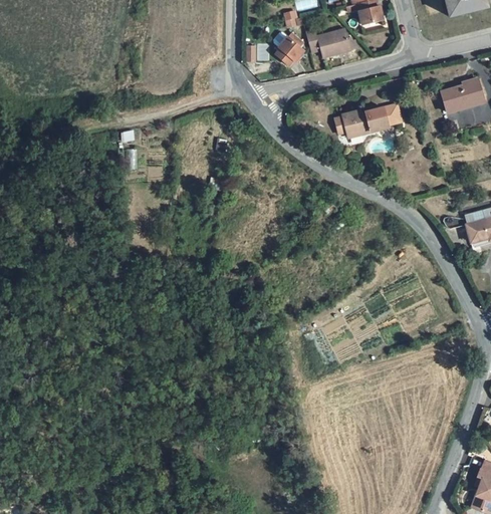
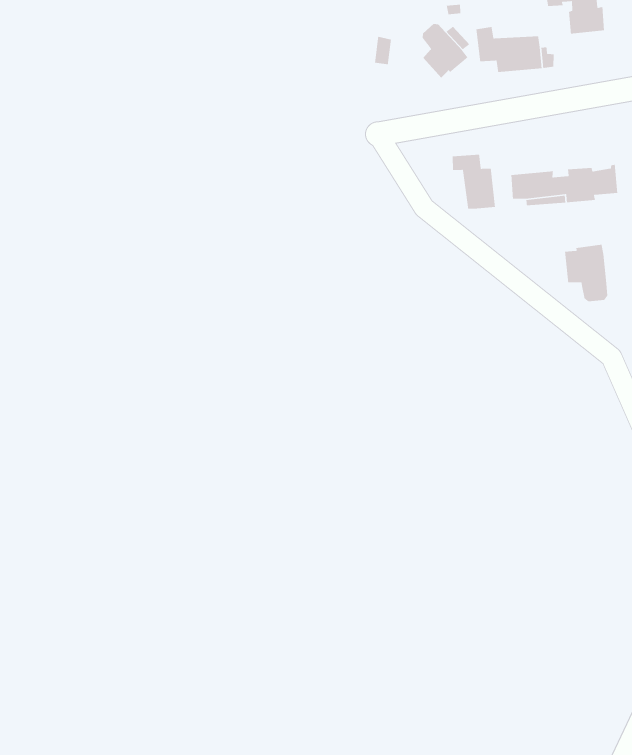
building: none -> [452,154,496,209]
building: none -> [564,244,608,302]

